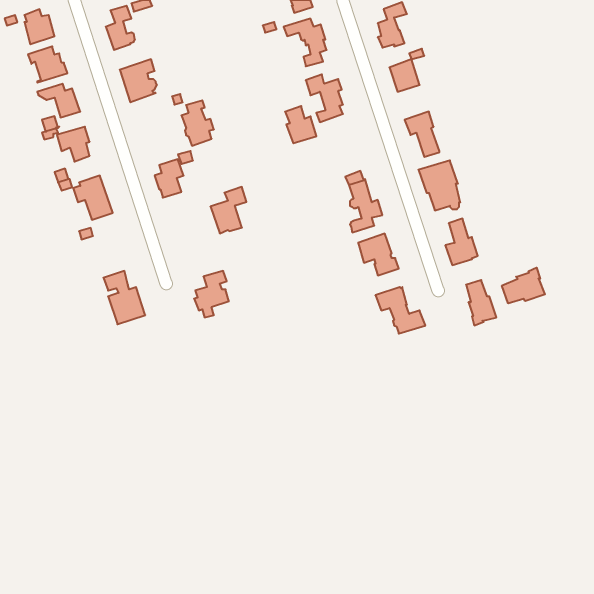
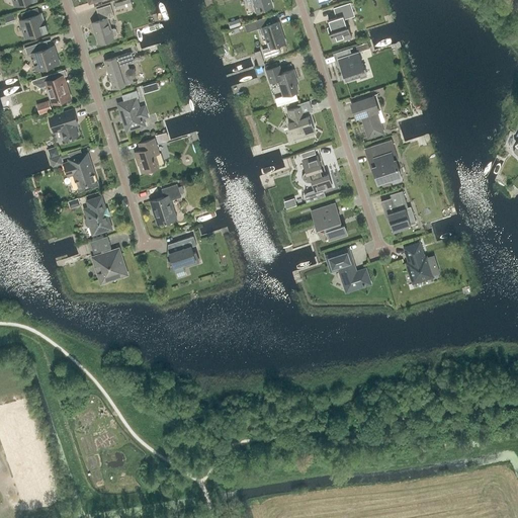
building: [181,100,214,146] -> [118,91,147,131]
building: [285,106,316,143] -> [287,106,315,139]
building: [210,187,246,233] -> [150,184,181,225]
building: none -> [85,196,111,235]
building: [502,268,545,303] -> none

